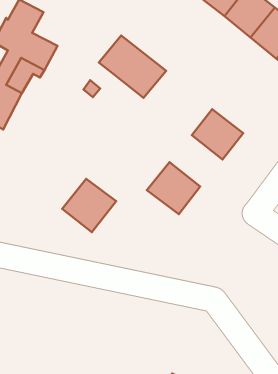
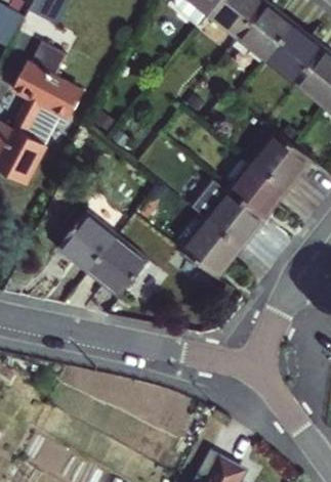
building: [99,35,166,98] -> [191,178,264,247]
building: none -> [253,132,311,188]
building: none -> [57,214,115,271]

